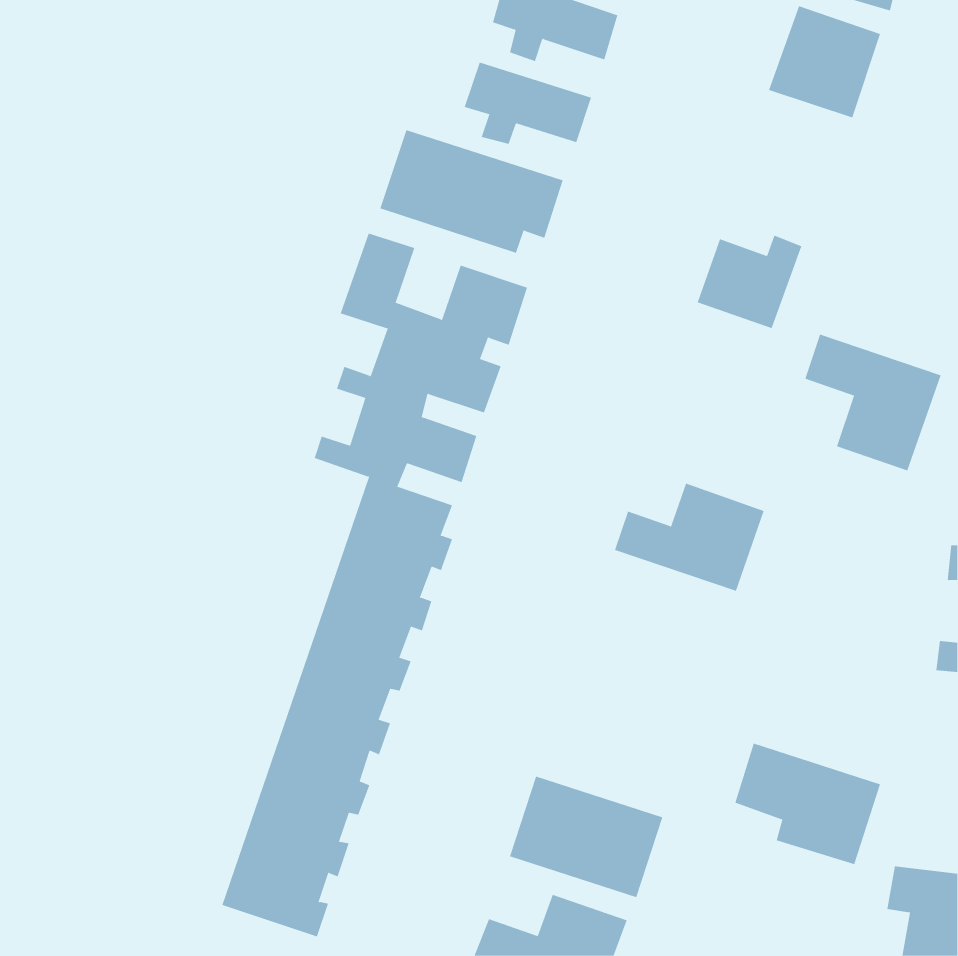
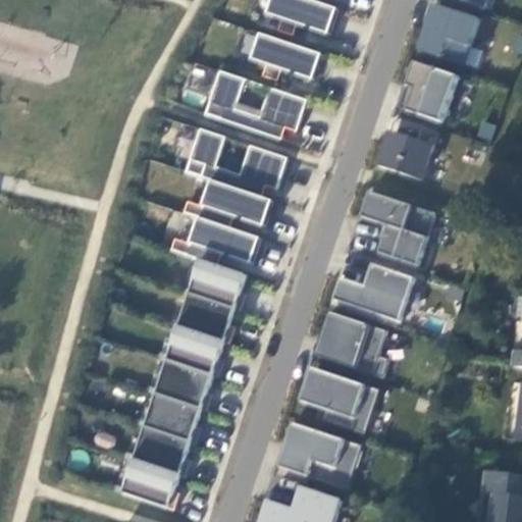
building: none -> [404,59,458,121]
building: [804,334,942,471] -> [361,191,435,265]
building: none -> [315,310,387,376]
building: [734,743,881,865] -> [300,366,379,432]

